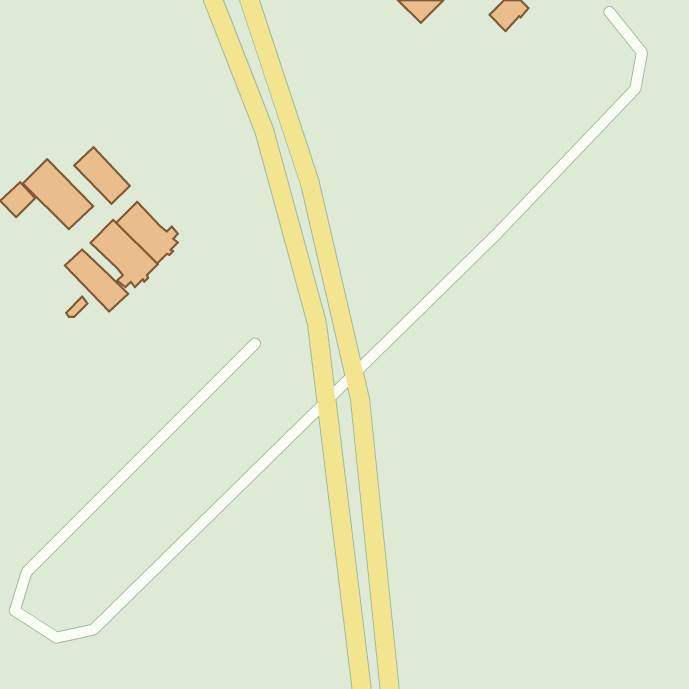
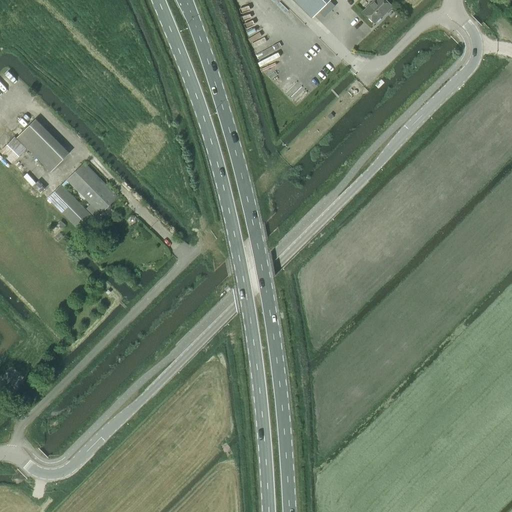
building: [74,147,130,204] -> none
building: [116,202,178,264] -> none

